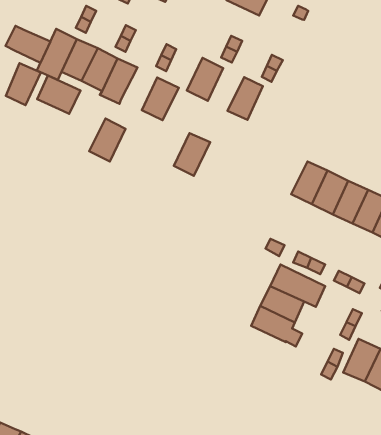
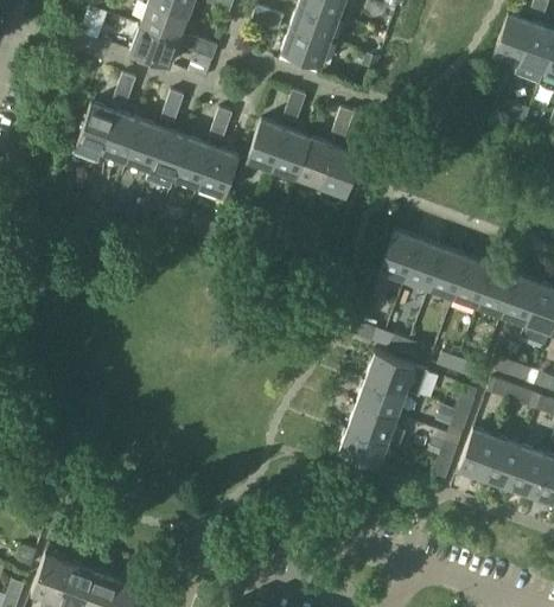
building: [6,26,50,63] -> none
building: [6,63,41,105] -> none
building: [37,75,81,114] -> none
building: none -> [320,148,359,197]
building: [89,119,125,161] -> [173,140,212,189]
building: [174,133,210,176] -> [273,132,312,180]
building: none -> [337,424,388,465]

